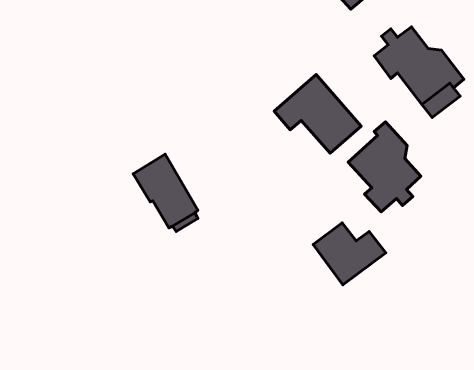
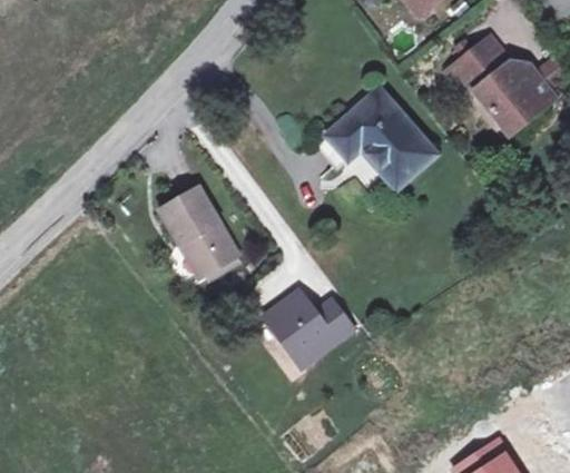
building: [348,122,421,212] -> none
building: [313,223,386,285] -> [263,290,350,364]

